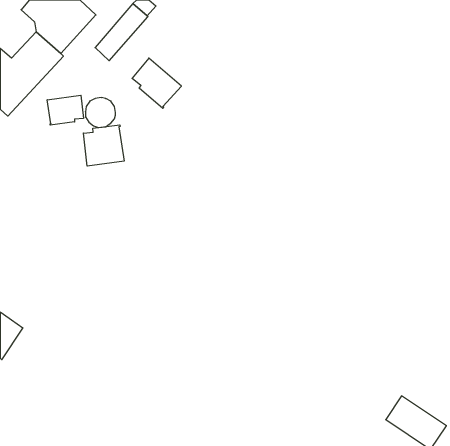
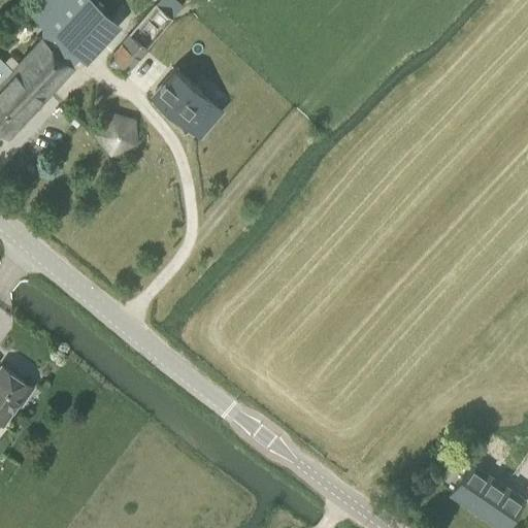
building: [47,95,83,125] -> none
building: [83,125,124,166] -> none

